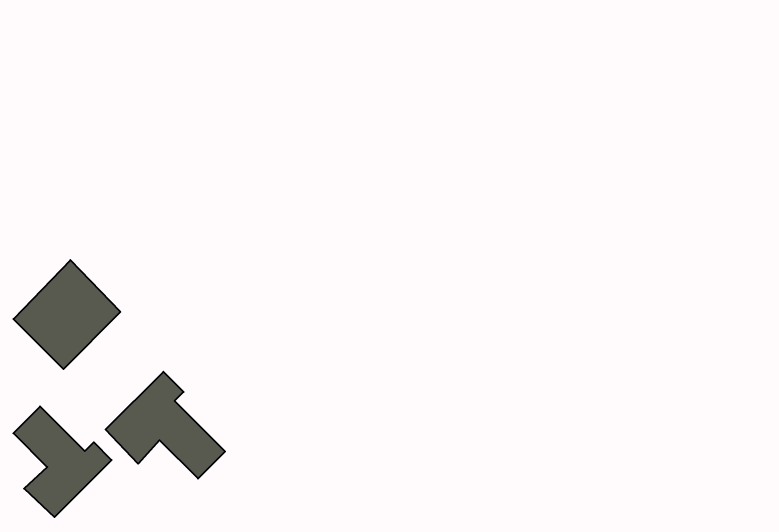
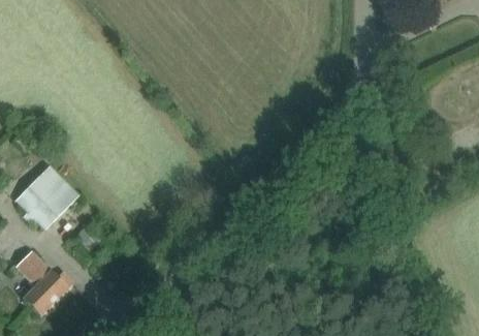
building: [106,372,225,479] -> none

